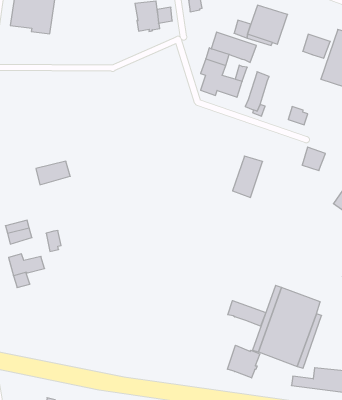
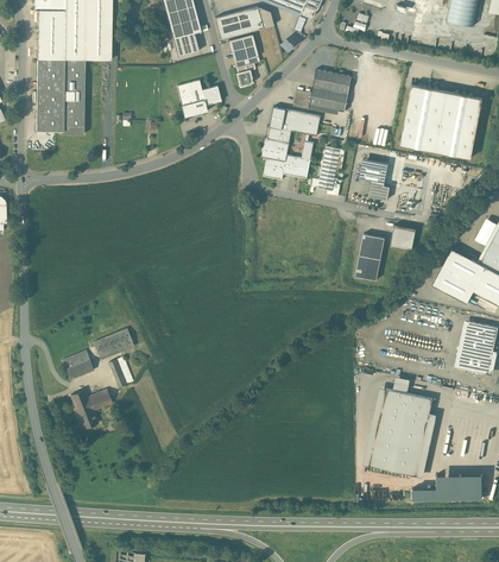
building: [303,34,330,58] -> [359,158,389,183]
building: [233,156,263,197] -> [355,234,385,280]
building: [36,161,70,185] -> [94,329,134,360]
building: [228,301,266,326] -> none
building: [227,345,260,378] -> none

